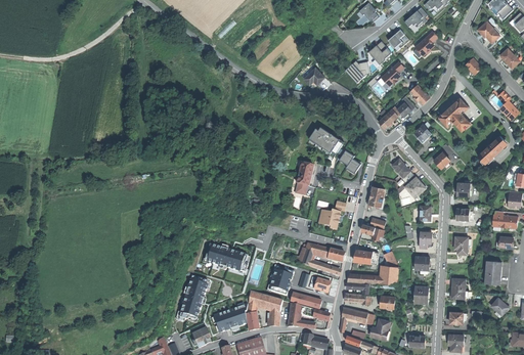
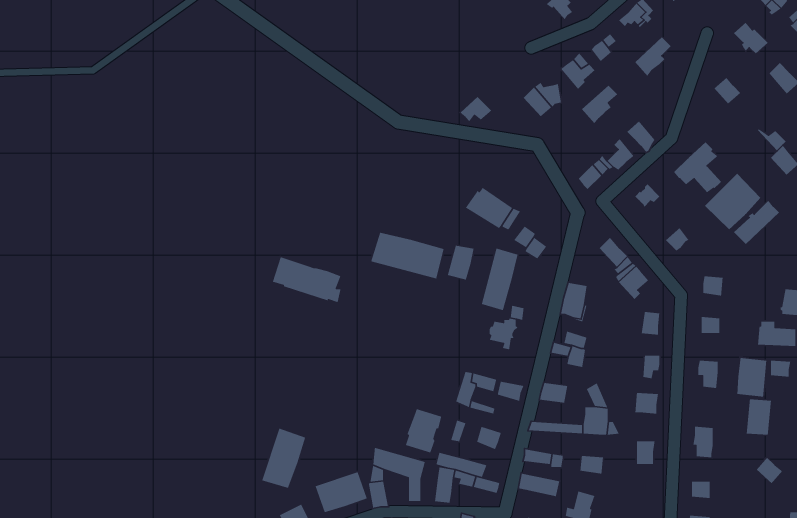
building: none -> [704,173,761,230]
building: none -> [370,232,444,280]
building: none -> [481,248,518,311]
building: none -> [736,357,767,397]
building: [204,243,248,273] -> [272,256,341,303]

